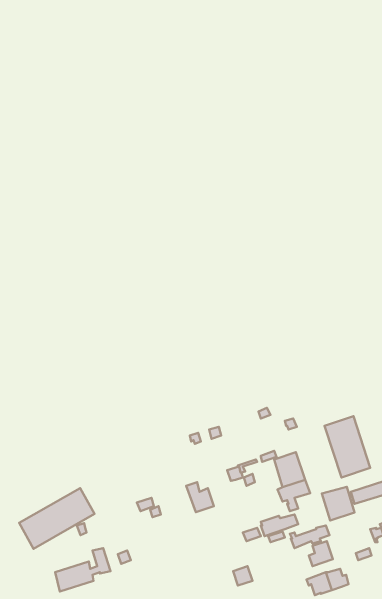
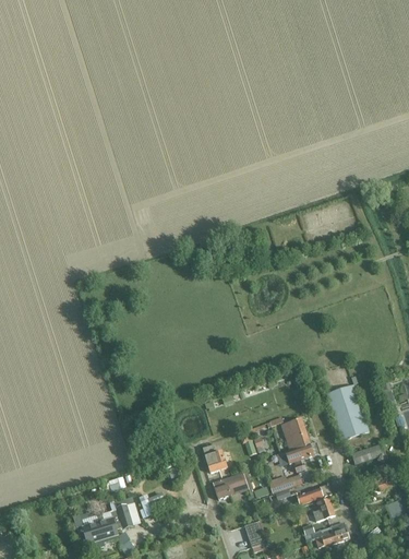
building: [322,487,354,521] -> none
building: [19,488,95,549] -> none
building: none -> [213,473,245,499]

